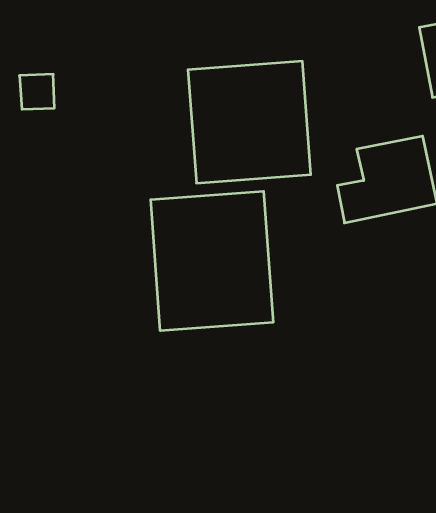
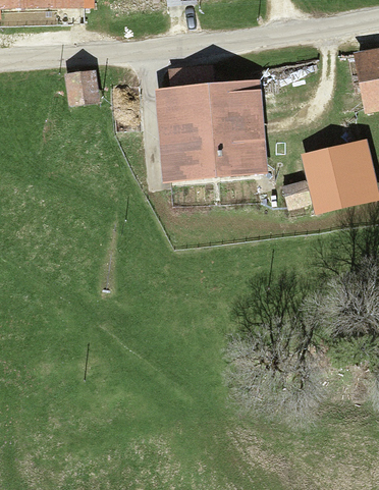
building: [19,74,54,109] -> [65,70,95,100]
building: [151,191,273,331] -> none

